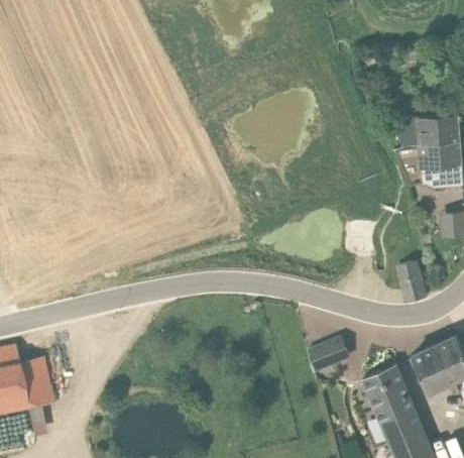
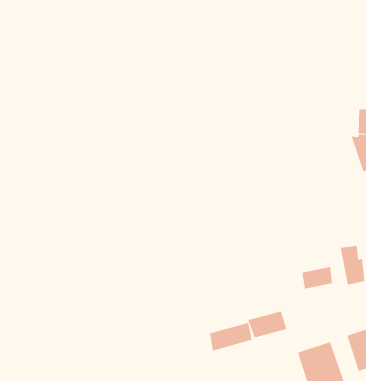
building: none -> [302,266,333,289]
building: none -> [210,322,252,351]

